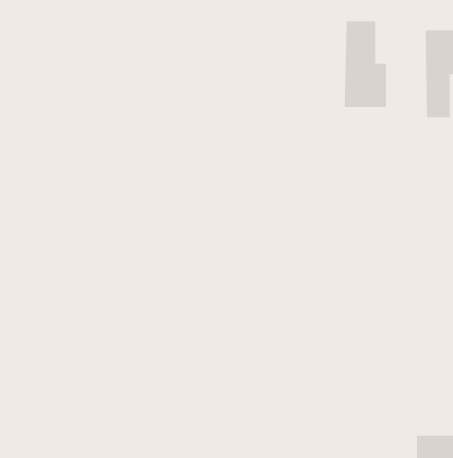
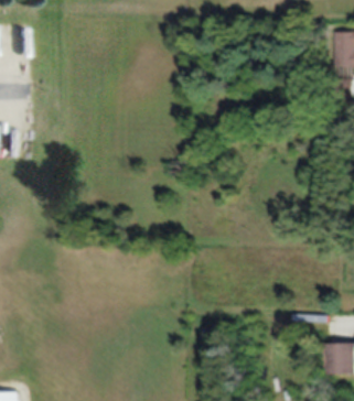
building: [344,20,387,108] -> none

